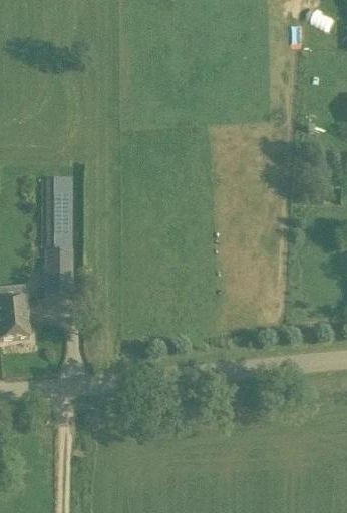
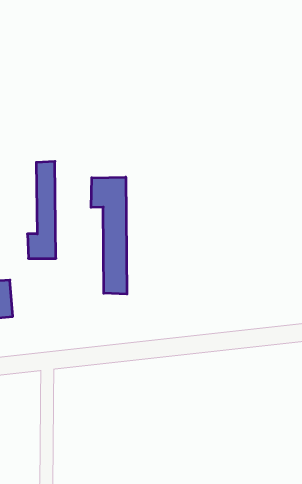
building: none -> [91,177,127,294]

